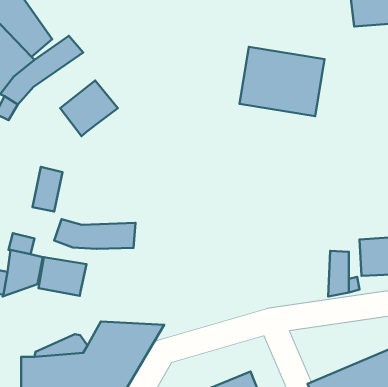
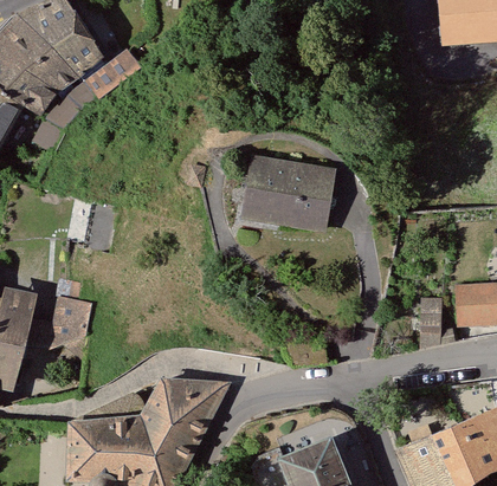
building: [239,47,324,116] -> [239,154,336,233]
building: [60,80,118,136] -> none
building: [54,219,136,249] -> none
building: [38,257,86,296] -> none

